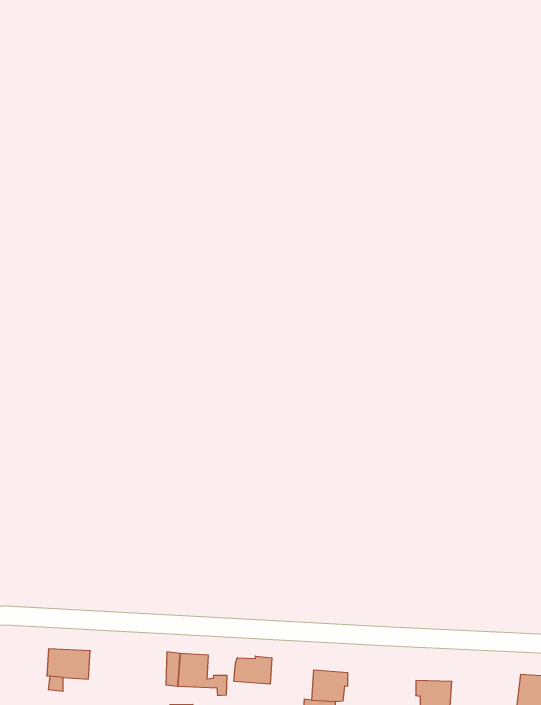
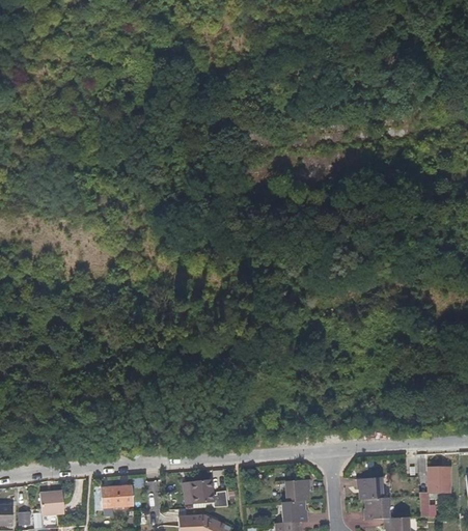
building: [234,656,272,684] -> none

